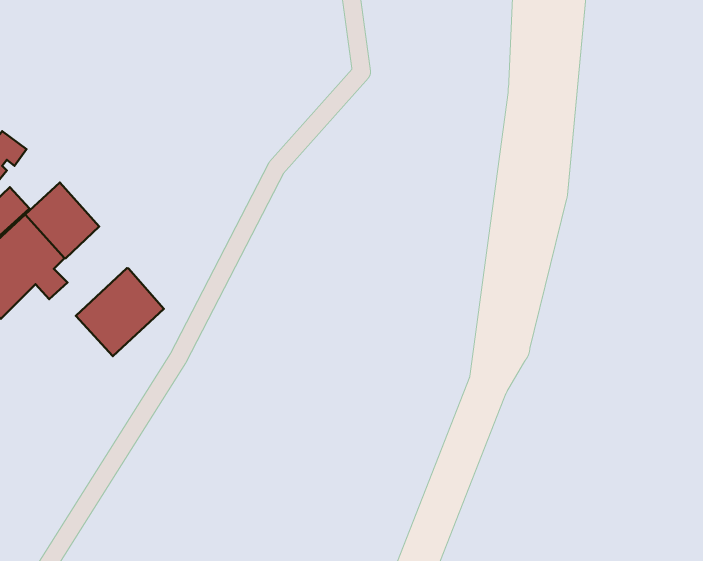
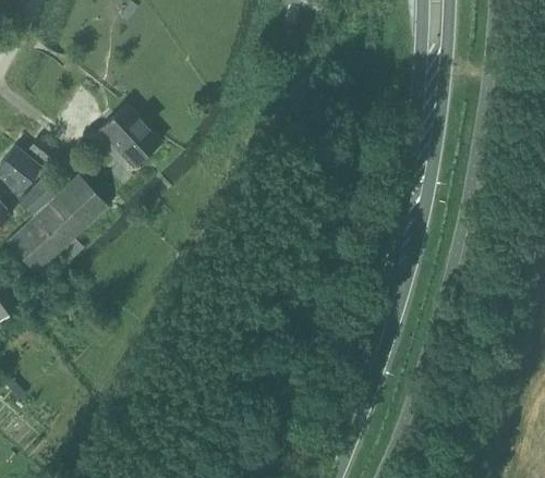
building: none -> [99,107,160,168]
building: [76,268,164,356] -> none

